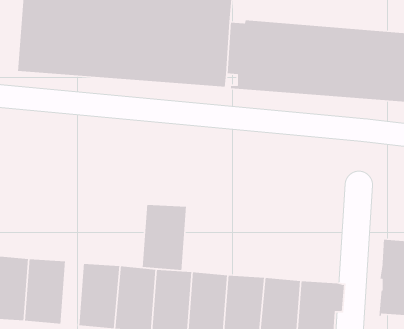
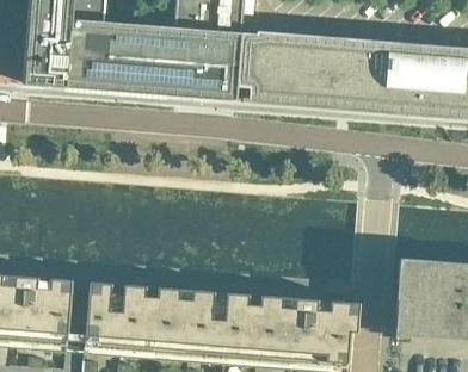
building: [142,204,187,271] -> none

